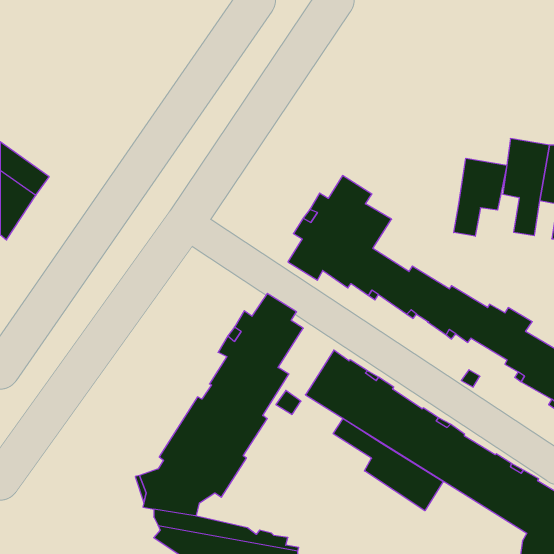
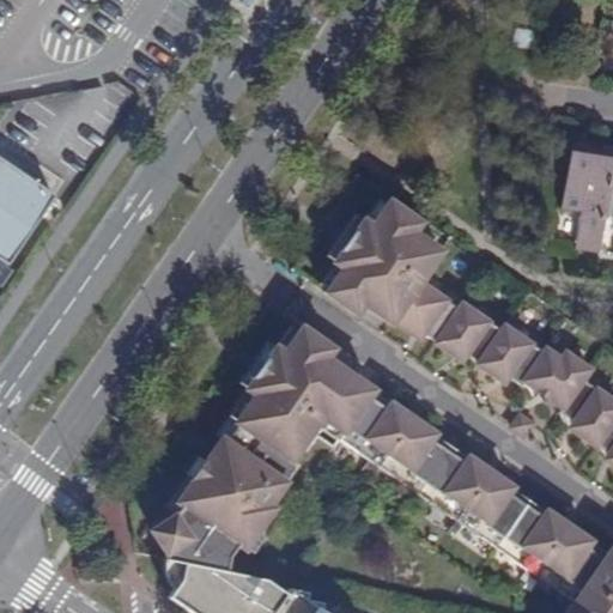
building: [454,158,507,236] -> none
building: none -> [309,364,371,430]
building: [333,418,443,511] -> none

